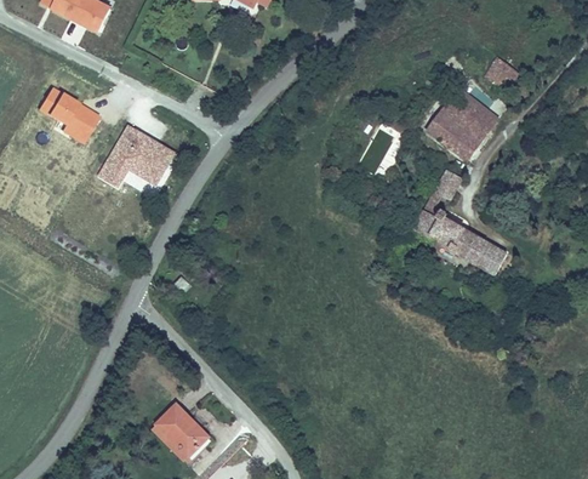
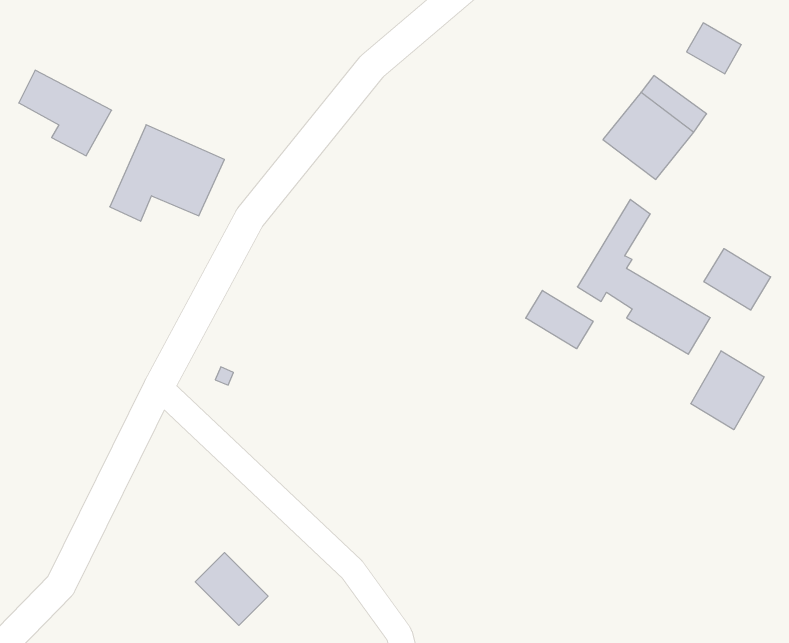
building: none -> [704,249,771,310]
building: none -> [526,290,593,349]
building: none -> [691,351,764,430]

